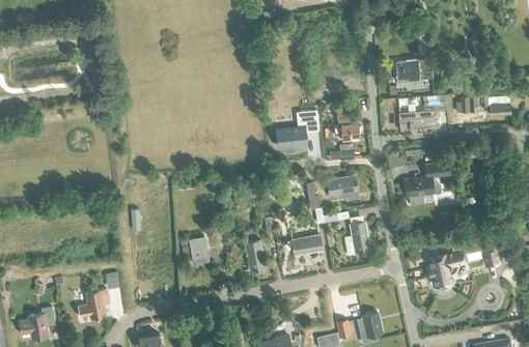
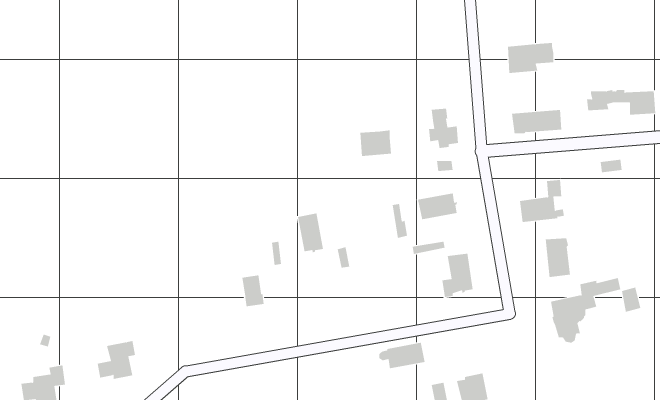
building: [296,109,318,132] -> none
building: none -> [545,237,571,278]
building: [285,234,322,255] -> [379,342,426,369]
building: [244,239,264,270] -> [297,213,324,253]

